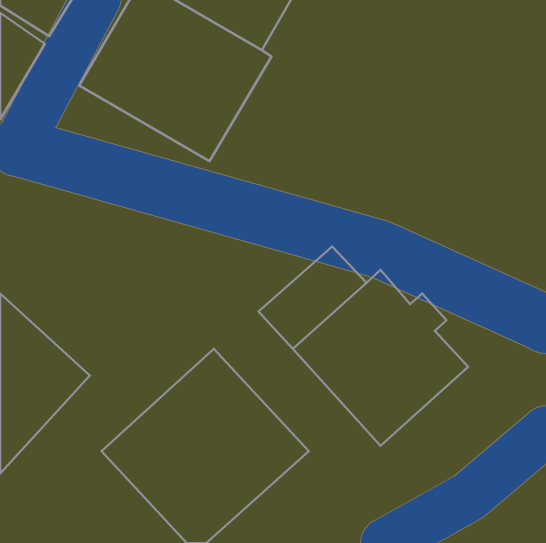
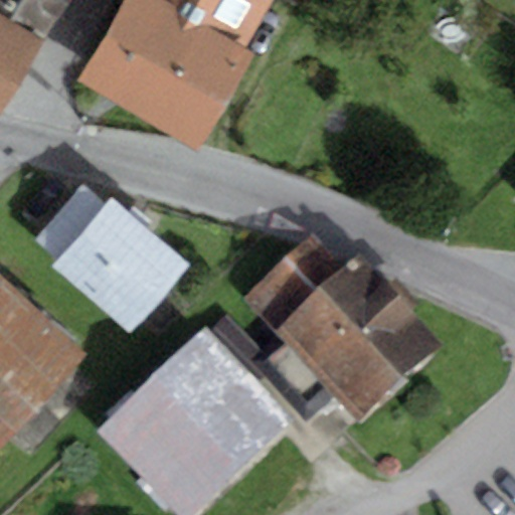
building: none -> [36,186,189,332]

